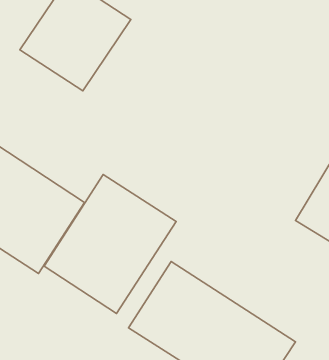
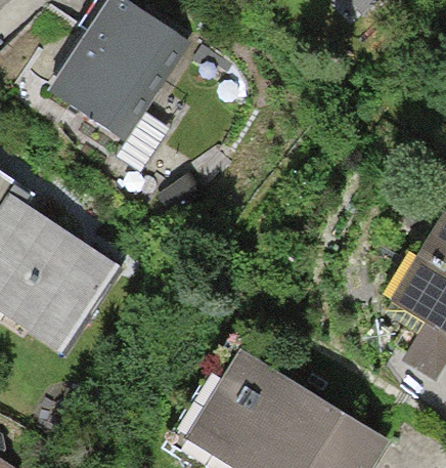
building: [44,174,176,313] -> none

